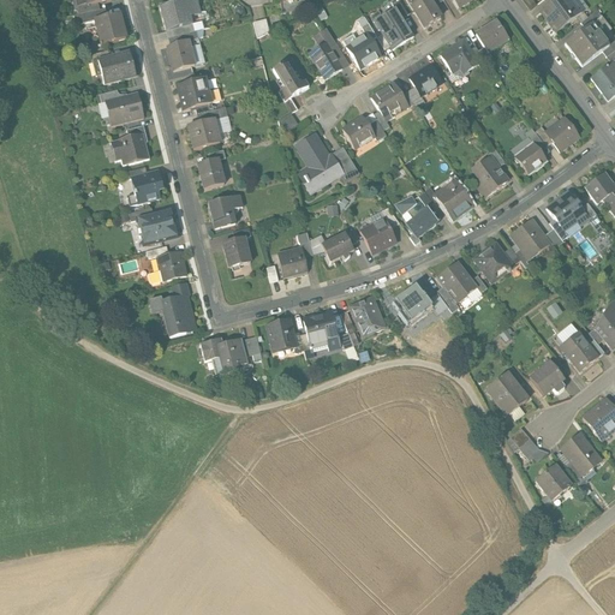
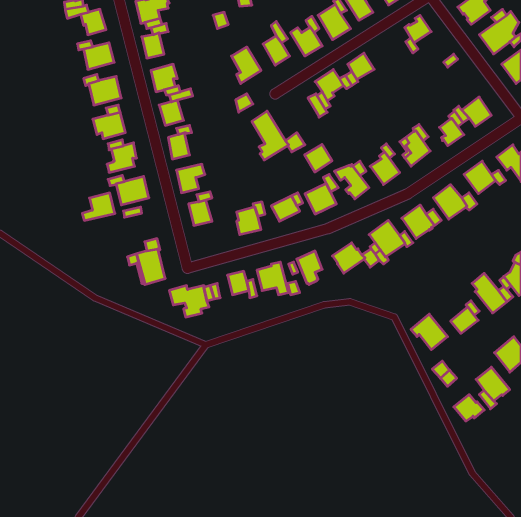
building: [441,38,477,71] -> none
building: [341,114,374,147] -> [305,144,332,172]
building: [148,250,186,282] -> [82,193,115,220]

